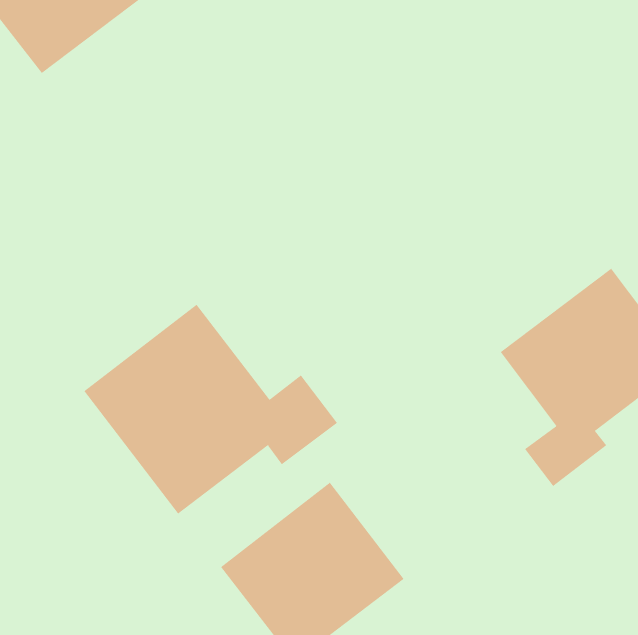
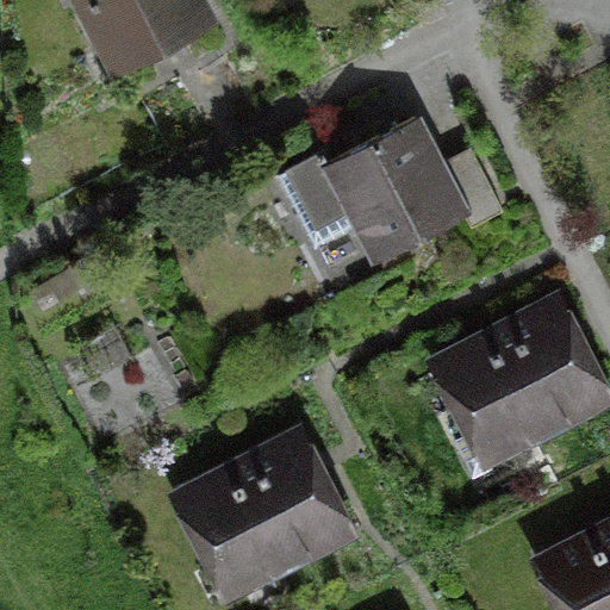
building: none -> [276,118,503,257]
building: [83,304,338,515] -> none

